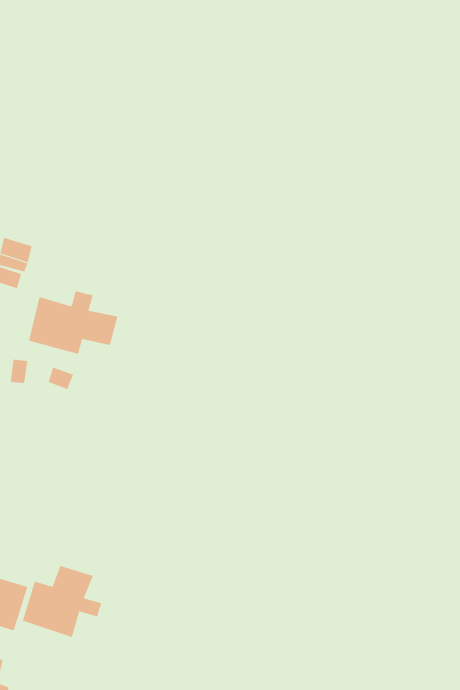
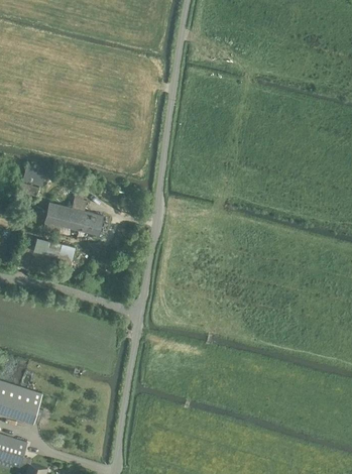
building: [22,565,102,638] -> none

